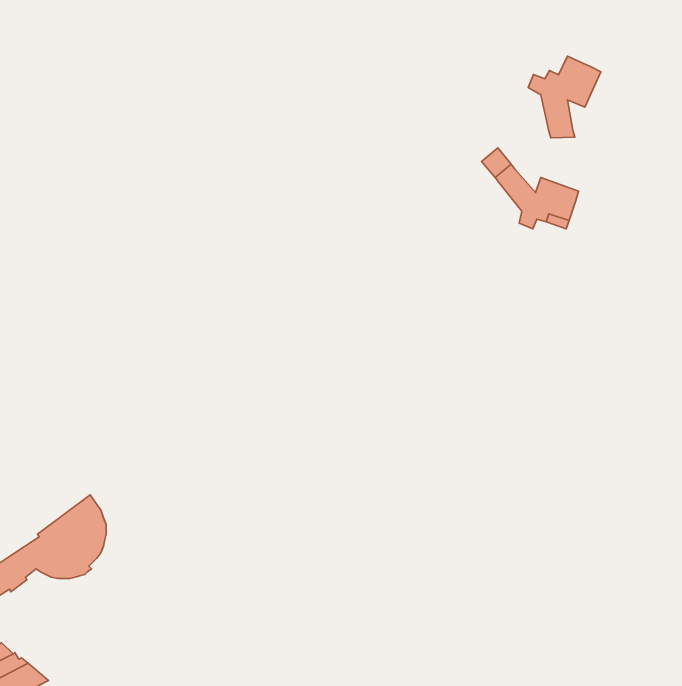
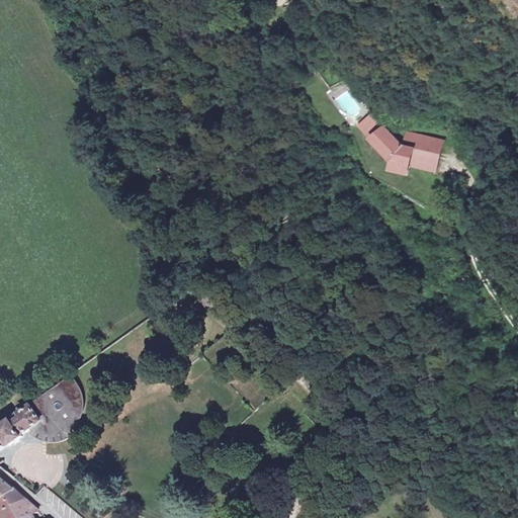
building: [528,56,601,138] -> none

